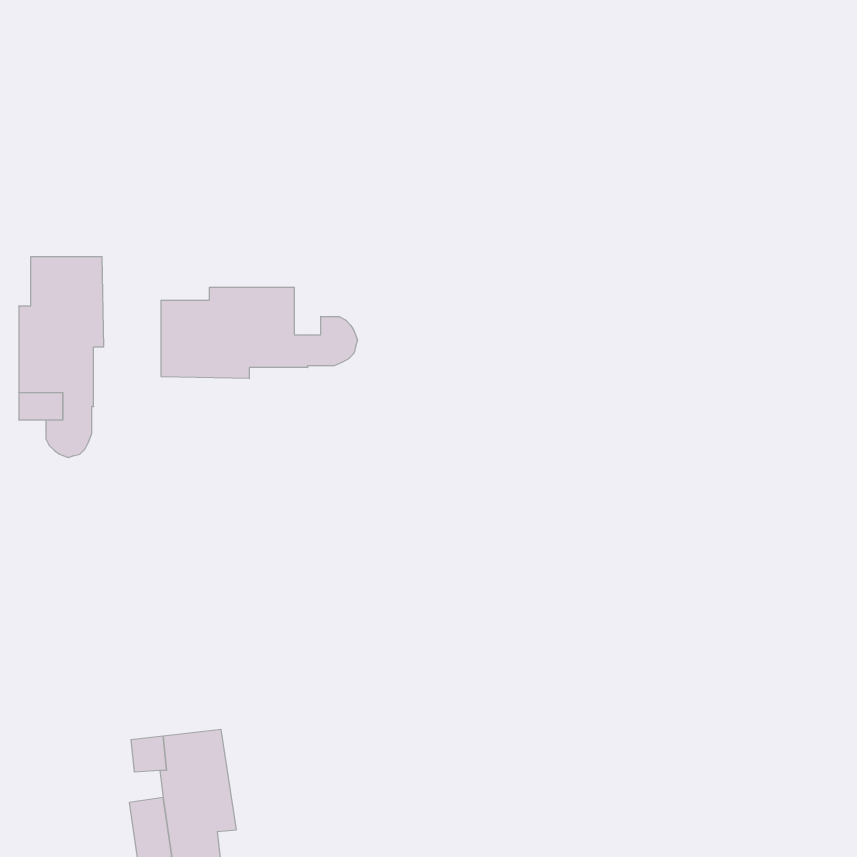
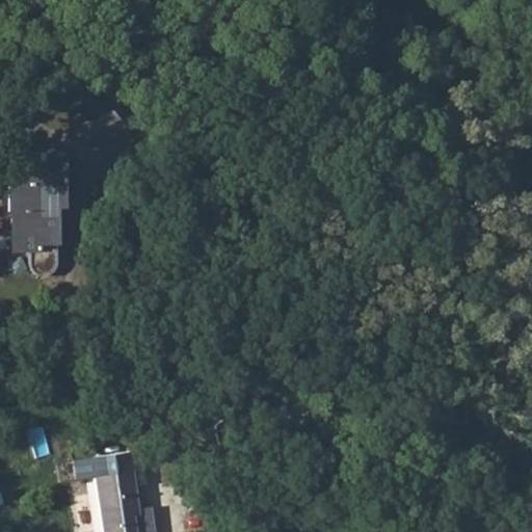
building: [161,287,357,379] -> none

